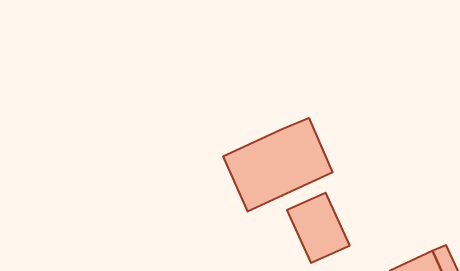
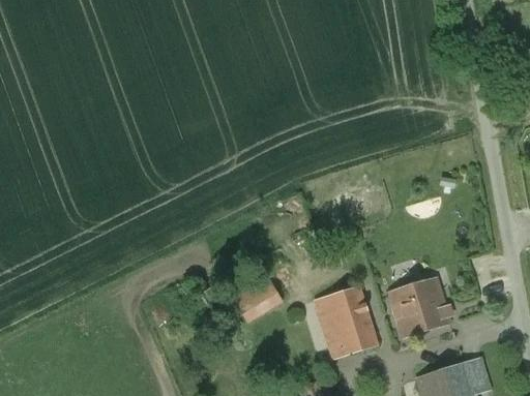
building: [223,118,333,212] -> none
building: none -> [389,276,449,336]

